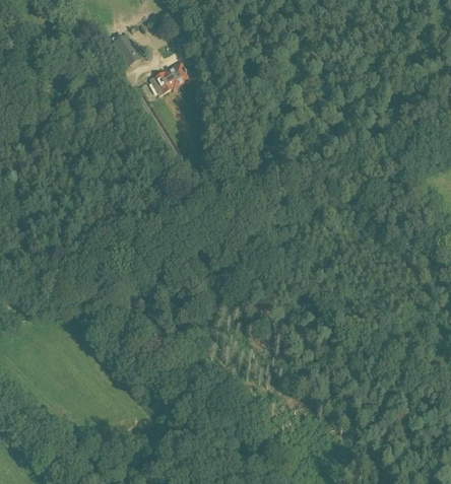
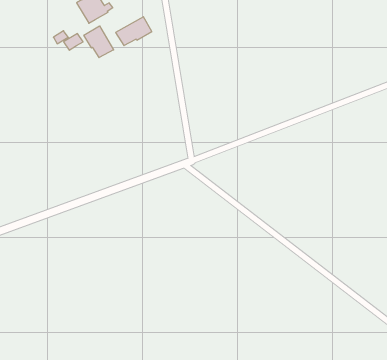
building: none -> [84,26,114,58]

